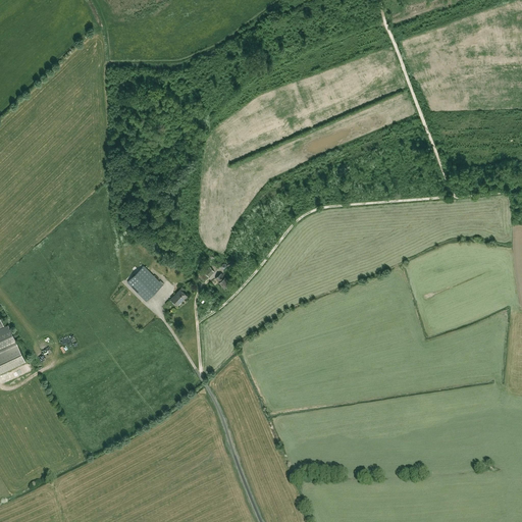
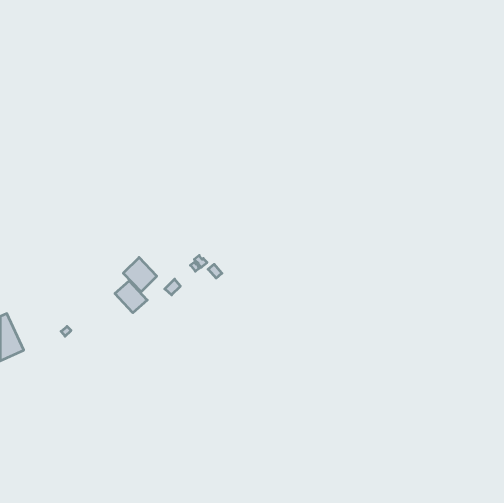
building: none -> [115,281,147,313]

